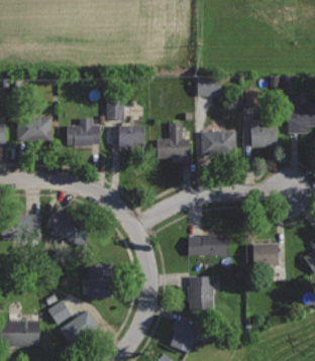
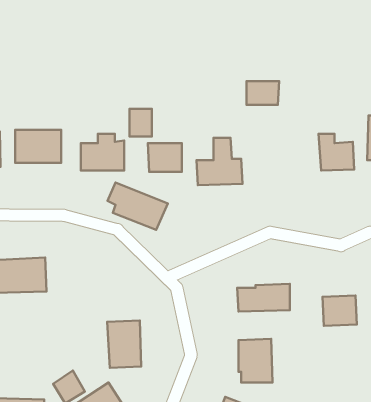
building: [202,130,236,155] -> none
building: [45,211,92,247] -> [108,183,168,230]

